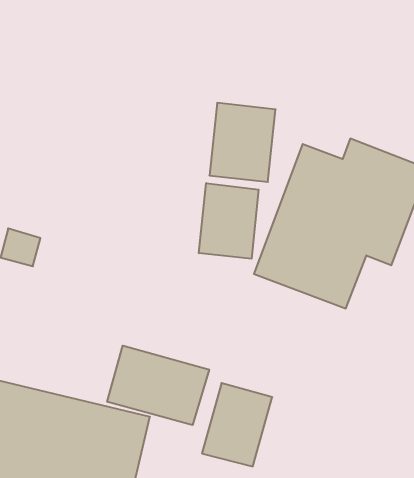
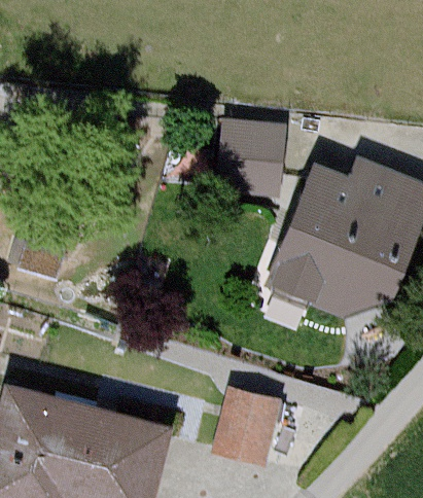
building: [199,183,259,259] -> none
building: [107,346,209,425] -> none

